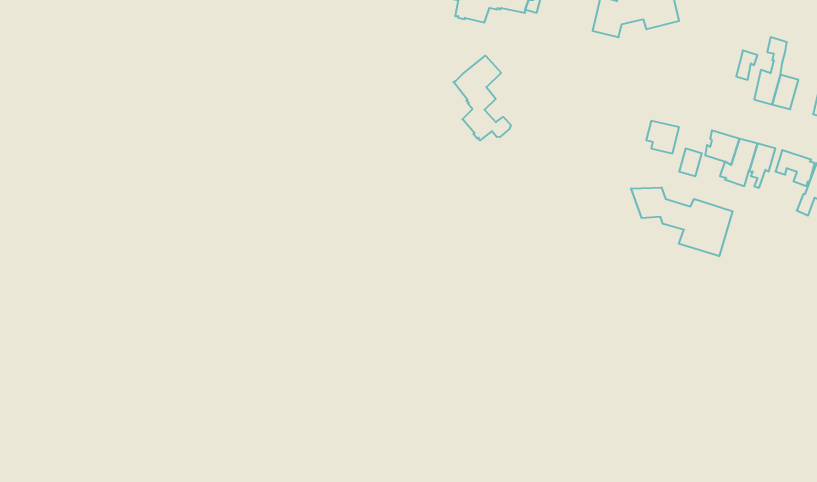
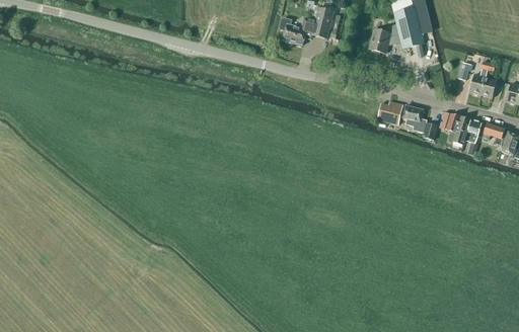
building: [453,56,511,140] -> none
building: none -> [378,101,404,124]
building: [631,187,733,256] -> none

